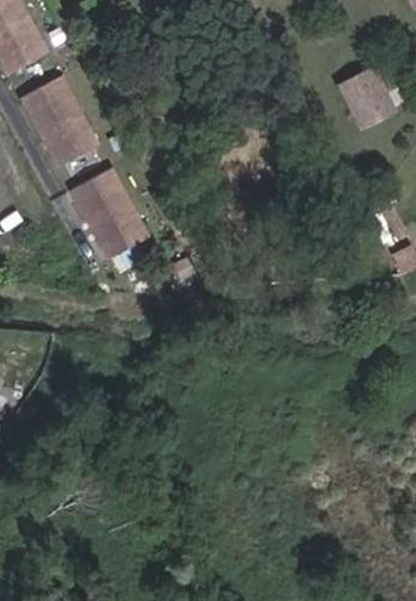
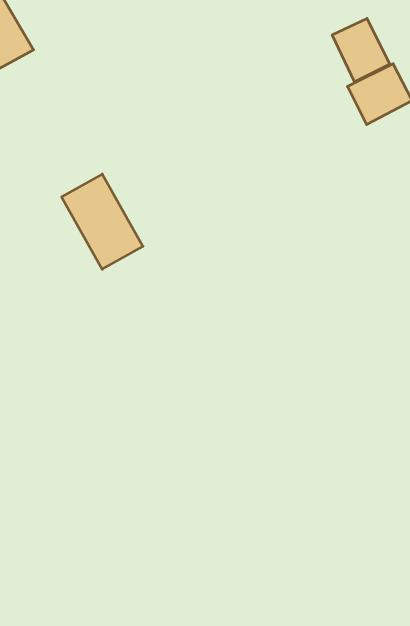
building: none -> [332,18,390,82]
building: [20,74,97,165] -> none

